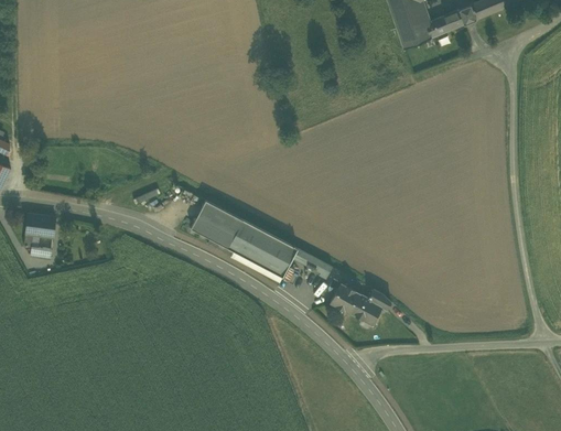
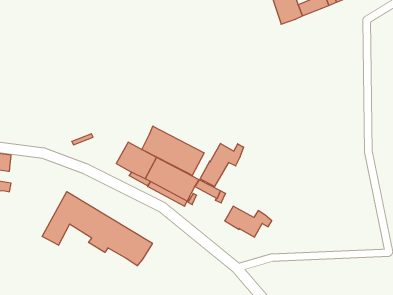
building: none -> [142,126,204,175]
building: none -> [200,143,244,187]
building: none -> [42,192,152,266]

